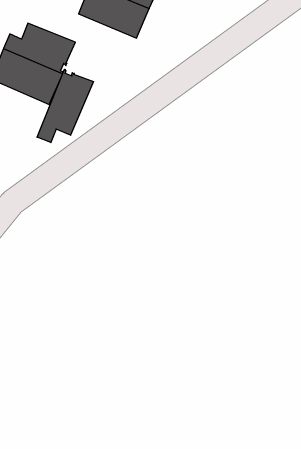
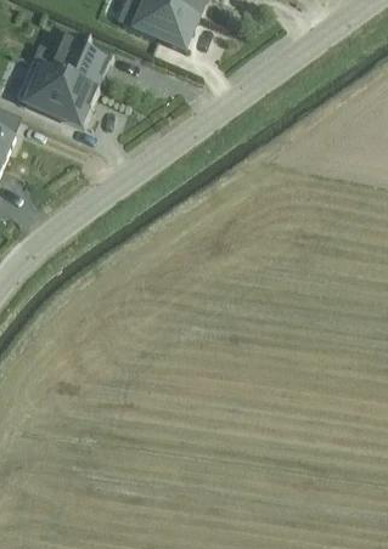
building: [37,69,94,143] -> none

